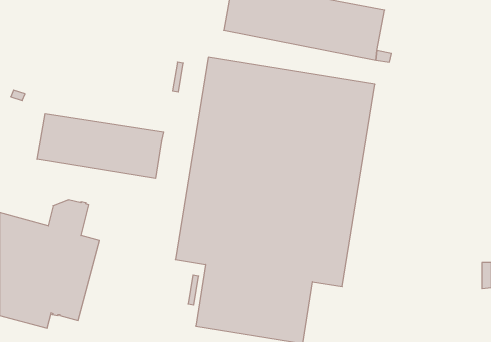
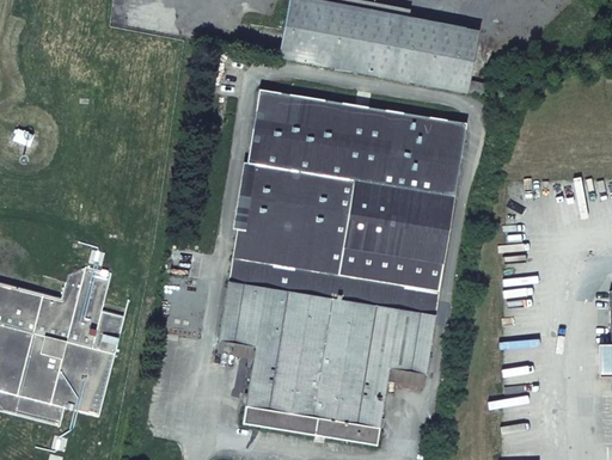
building: [37,114,164,178] -> none

